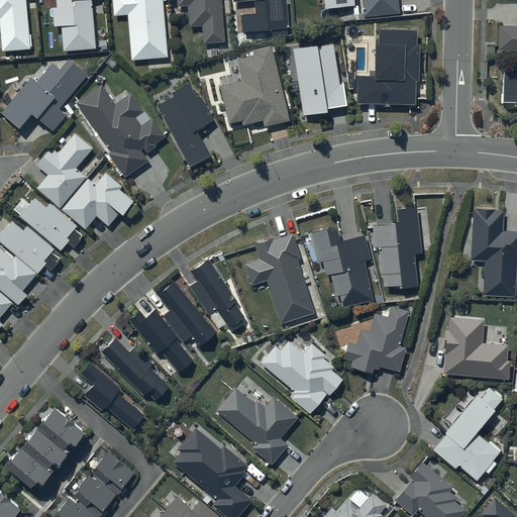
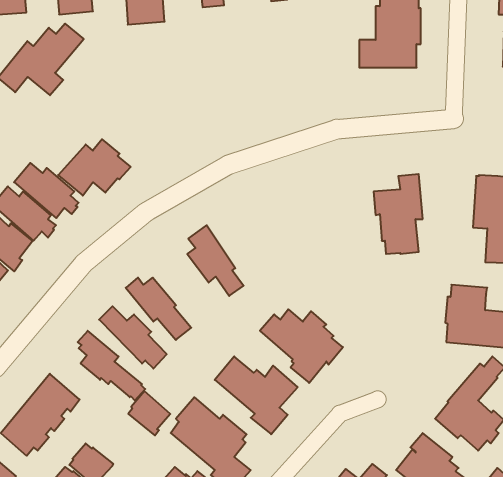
building: [294,43,345,114] -> none
building: [220,46,289,126] -> none
building: [156,82,214,168] -> none
building: [75,84,165,178] -> none
building: [36,133,93,208] -> none
building: [311,228,374,307] -> none
building: [245,233,315,323] -> none
building: [157,281,216,345] -> none
building: [344,307,408,372] -> none
building: [92,450,133,494] -> [128,391,170,435]

